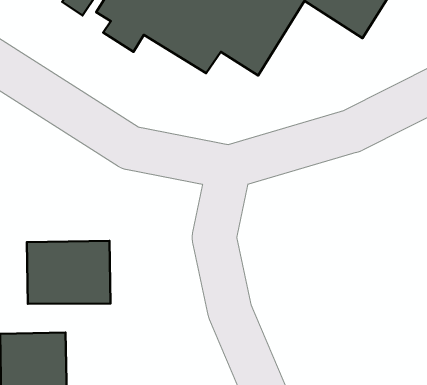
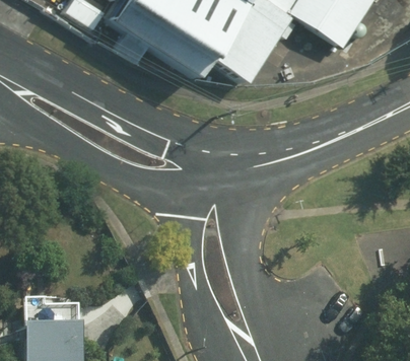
building: [27,241,111,304] -> none

